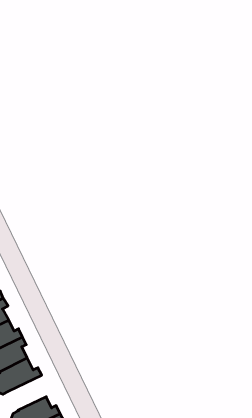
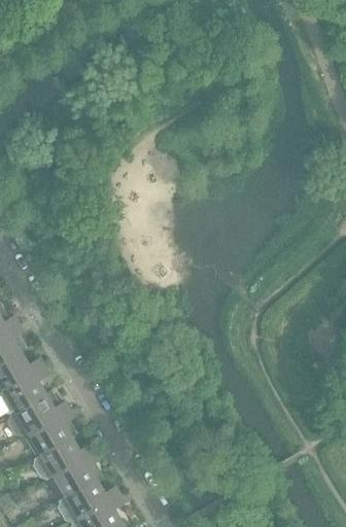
building: none -> [53,454,97,497]

